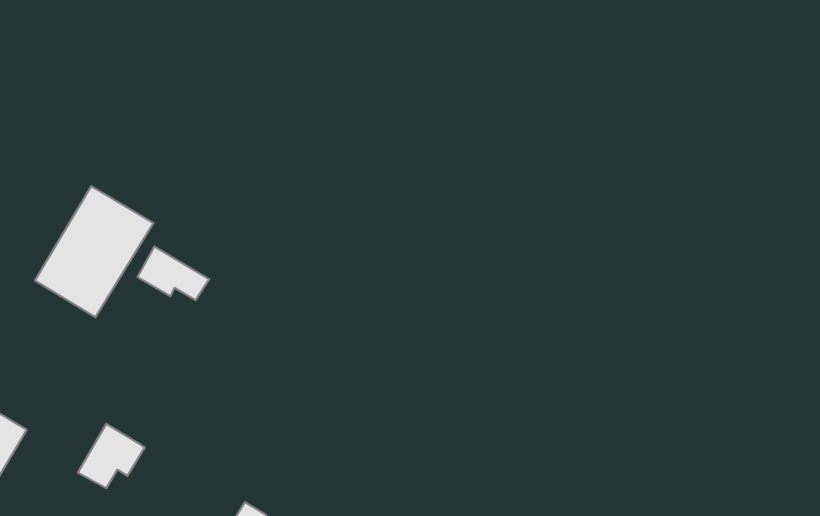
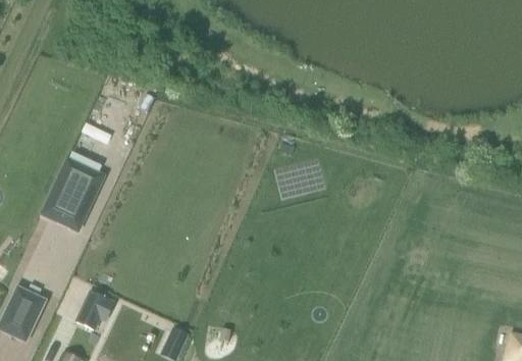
building: [138,246,209,300] -> none

